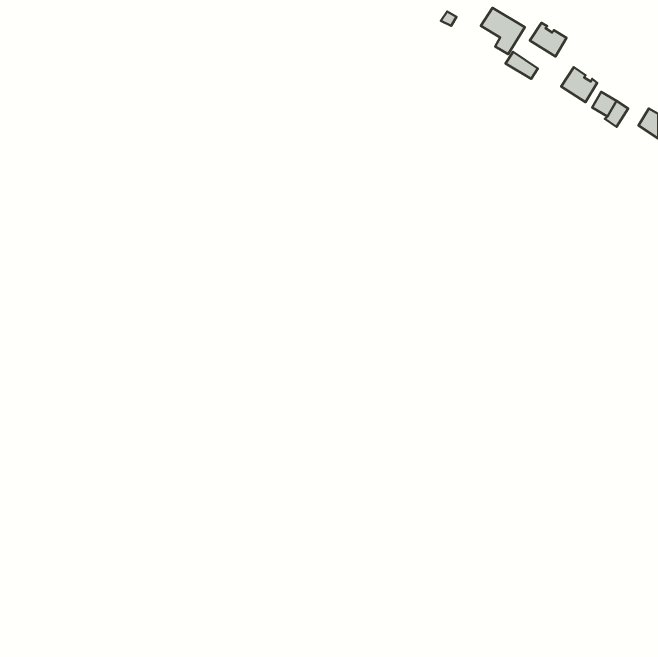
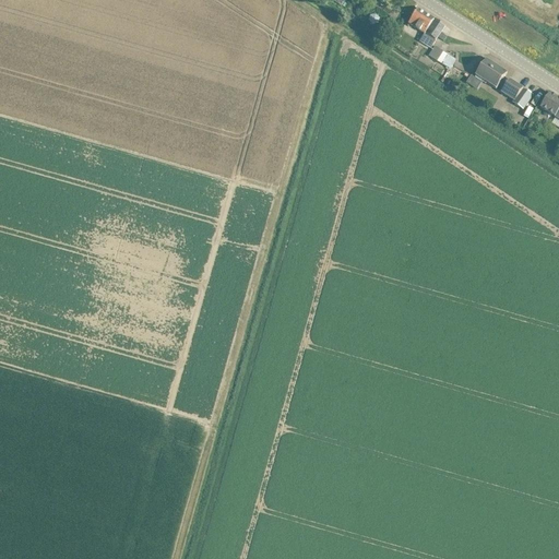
building: [530,23,567,57] -> none

